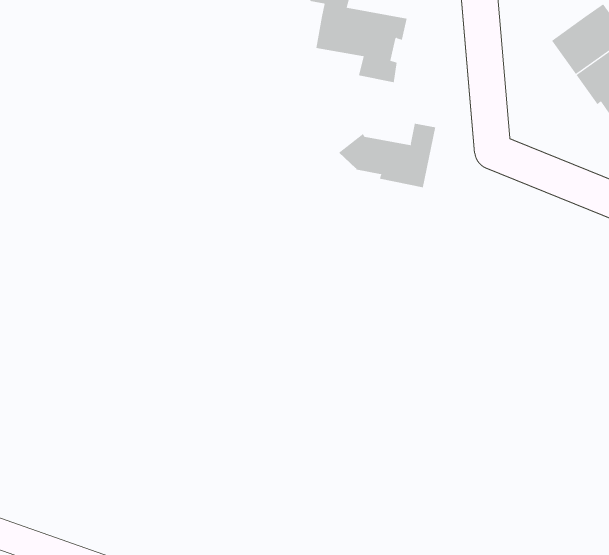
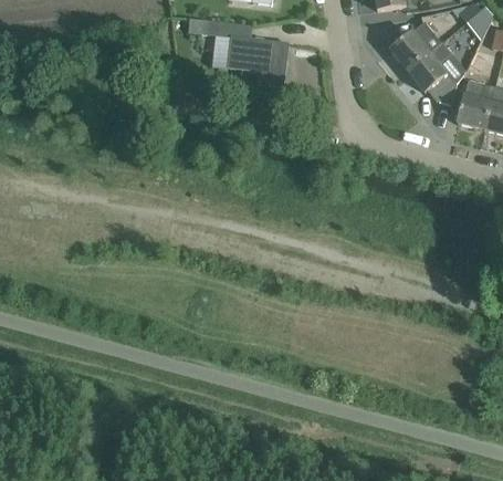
building: [338,123,436,188] -> none

